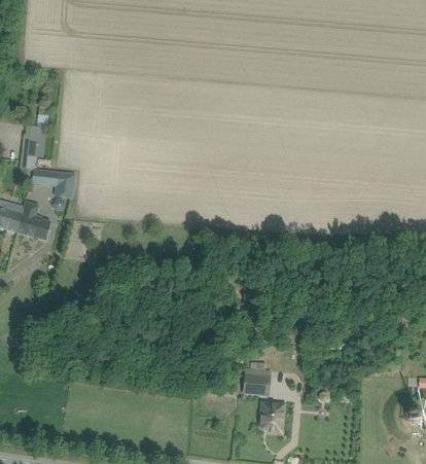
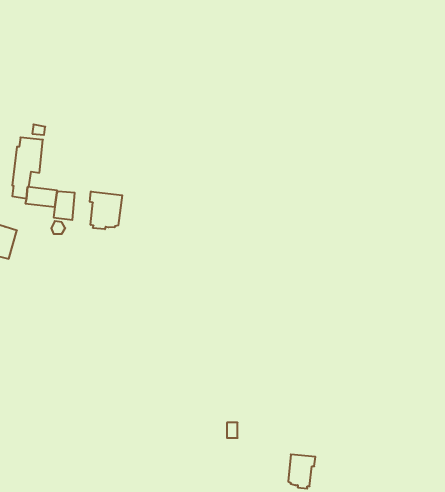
building: none -> [90,191,122,229]
building: [16,201,51,240] -> none
building: [244,369,271,395] -> none

